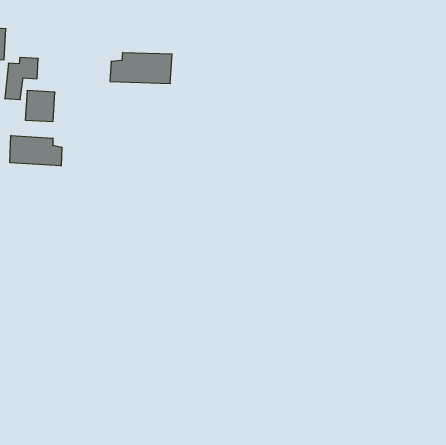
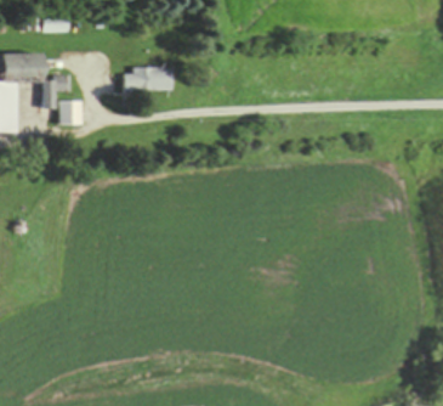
building: [10,135,62,166] -> none

